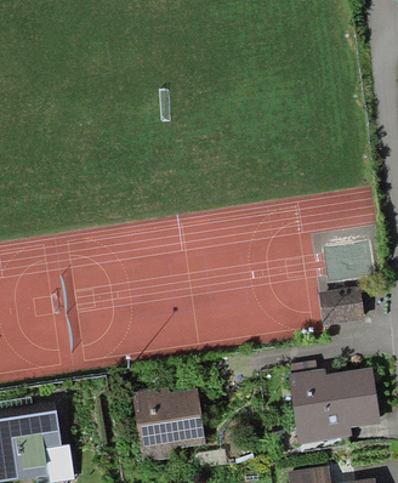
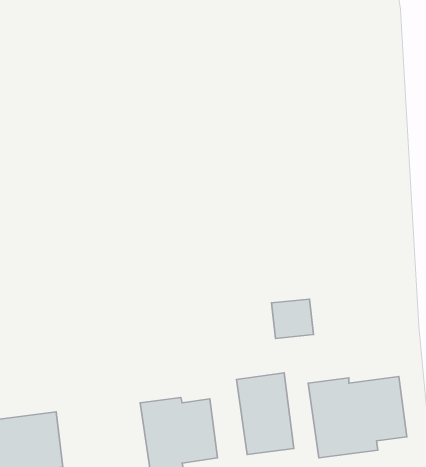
building: [325,288,364,324] -> [271,299,313,338]
building: none -> [236,373,294,455]

